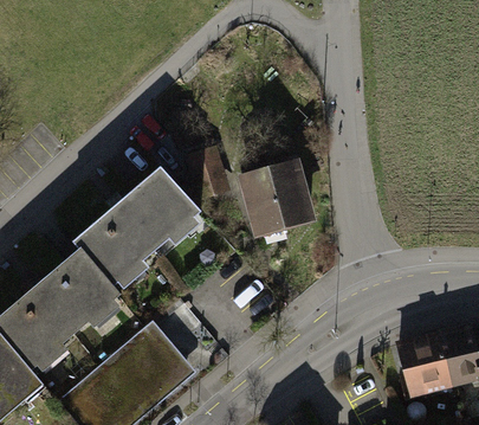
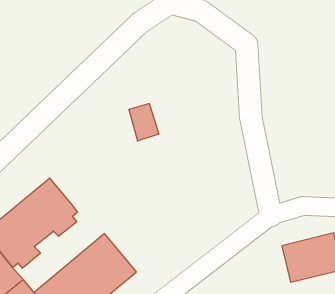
building: [240,157,318,239] -> none
building: [73,168,201,285] -> none

